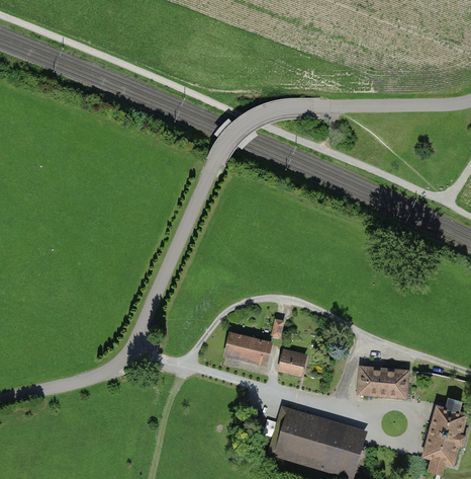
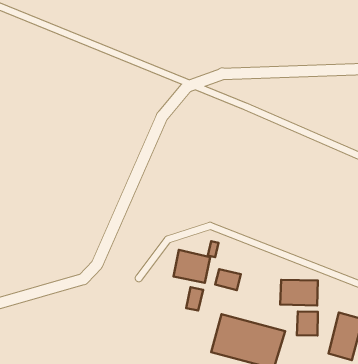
building: none -> [186,287,203,310]
building: none -> [297,312,318,336]

